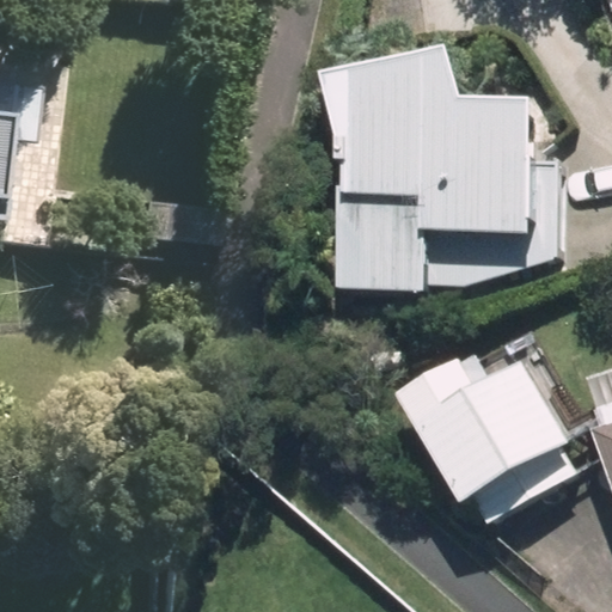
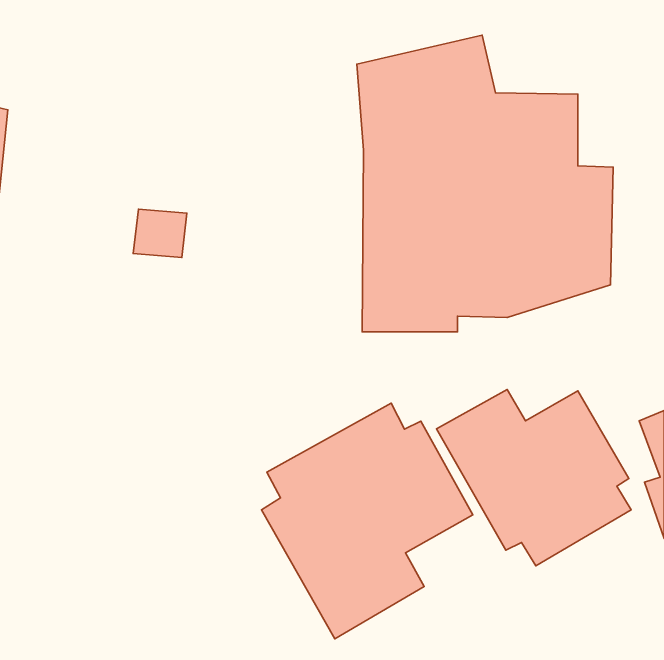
building: none -> [261,403,473,639]

